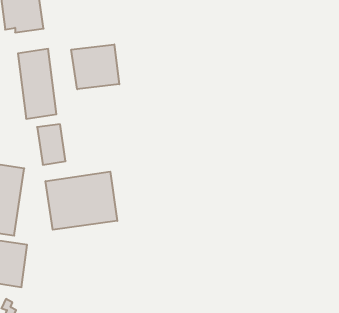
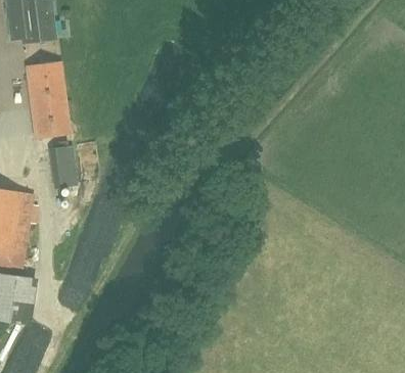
building: [71,44,119,89] -> none
building: [46,172,117,230] -> none

